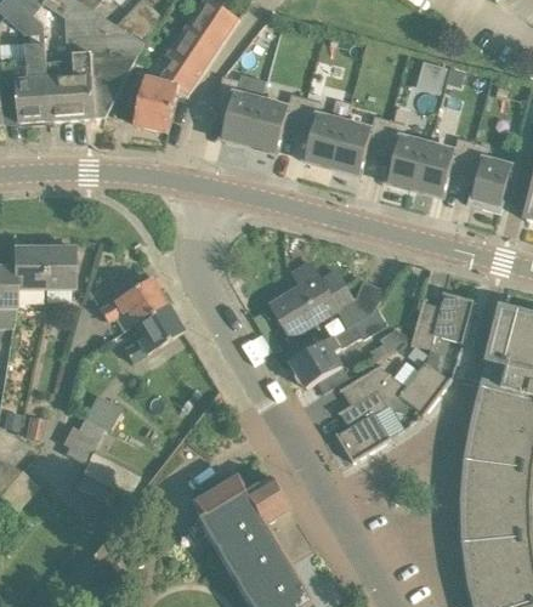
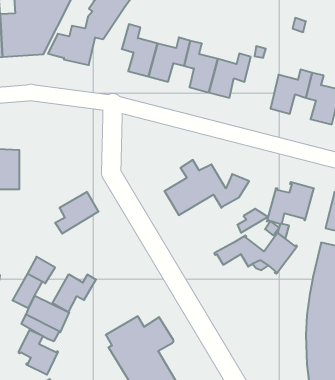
building: [380,120,426,191] -> none
building: [98,277,165,331] -> none
building: [290,323,361,393] -> none
building: [335,390,392,461] -> none
building: none -> [53,274,96,312]
building: none -> [19,329,58,375]

